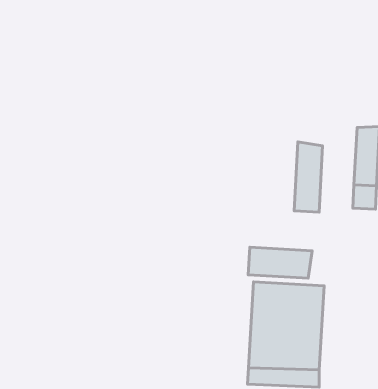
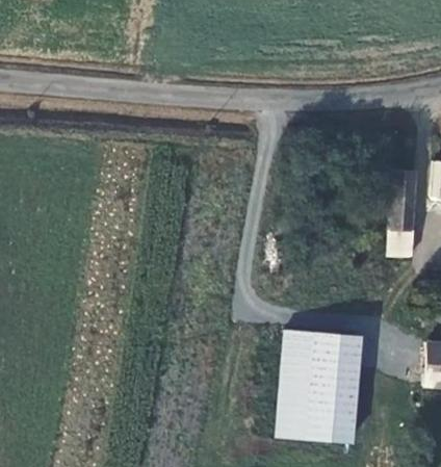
building: [294,142,322,212] -> none
building: [248,247,312,278] -> none

